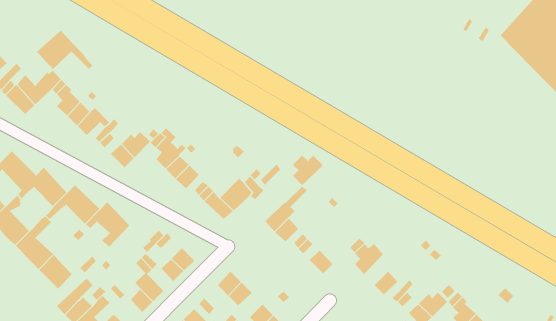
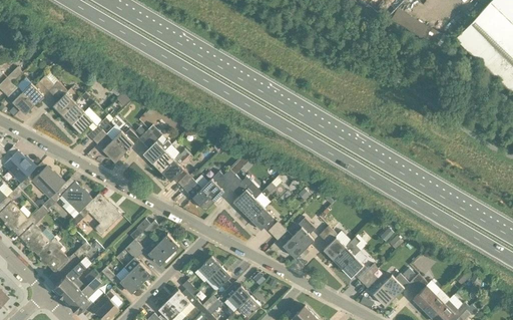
building: [36,30,93,70] -> none
building: [292,155,323,186] -> [232,183,261,211]
building: none -> [292,218,316,250]
building: none -> [332,237,360,269]

